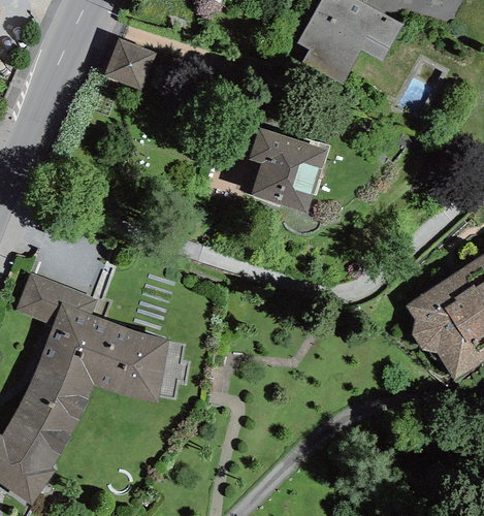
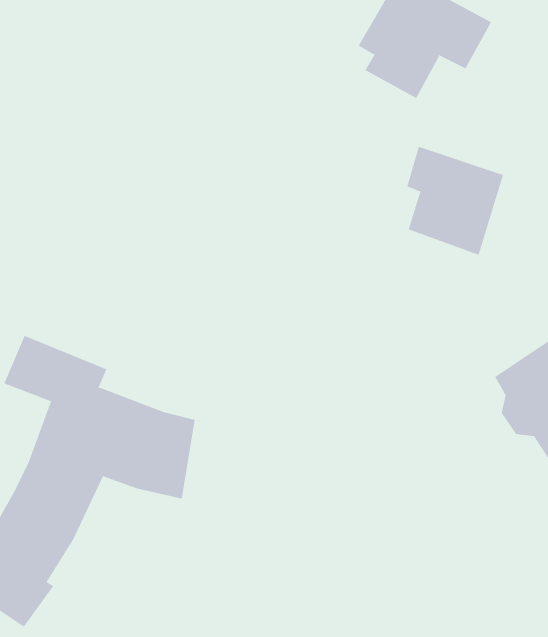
building: [103,37,157,91] -> none
building: [250,127,327,214] -> [407,146,504,255]

